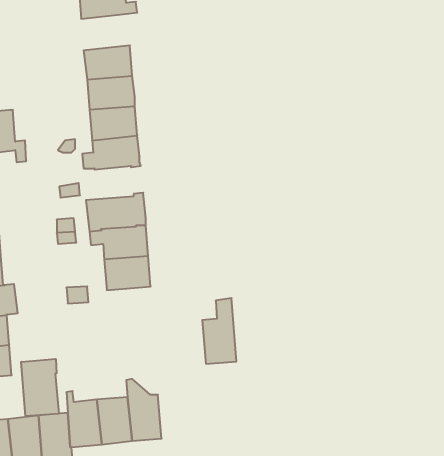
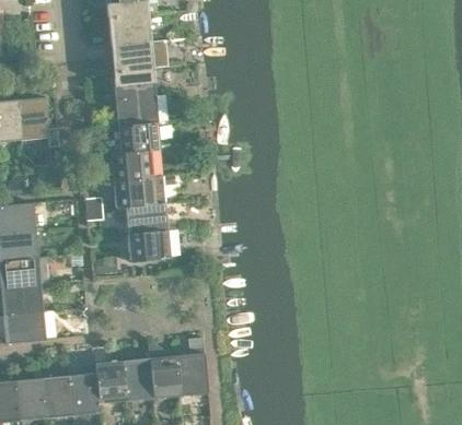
building: none -> [106,14,150,47]
building: none -> [108,151,153,181]
building: [202,298,236,364] -> [175,337,206,396]
building: [21,359,59,416] -> none

